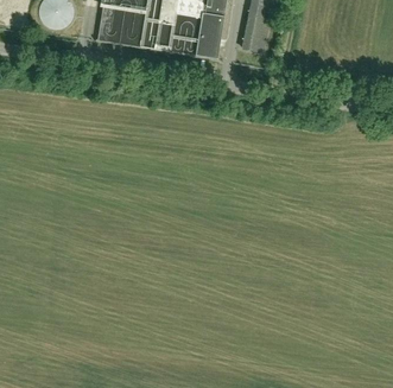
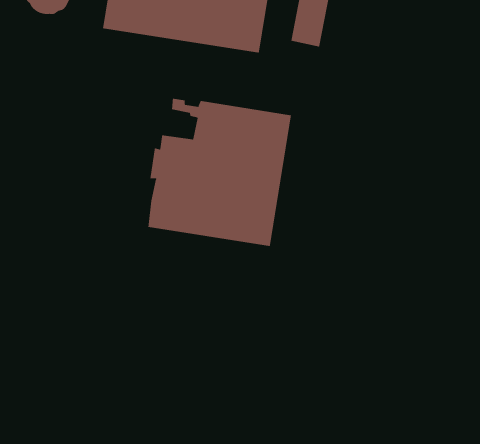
building: none -> [148,98,292,247]

